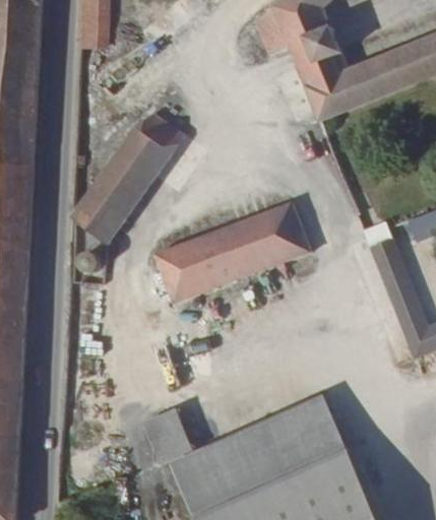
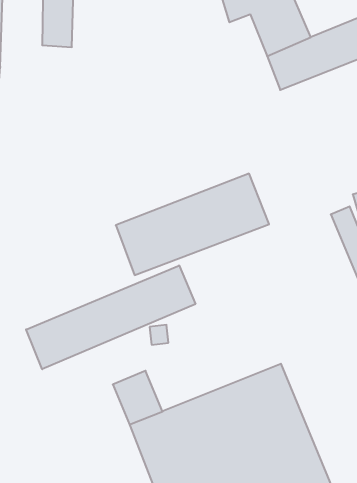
building: [68,110,191,255] -> none
building: none -> [26,265,195,369]

